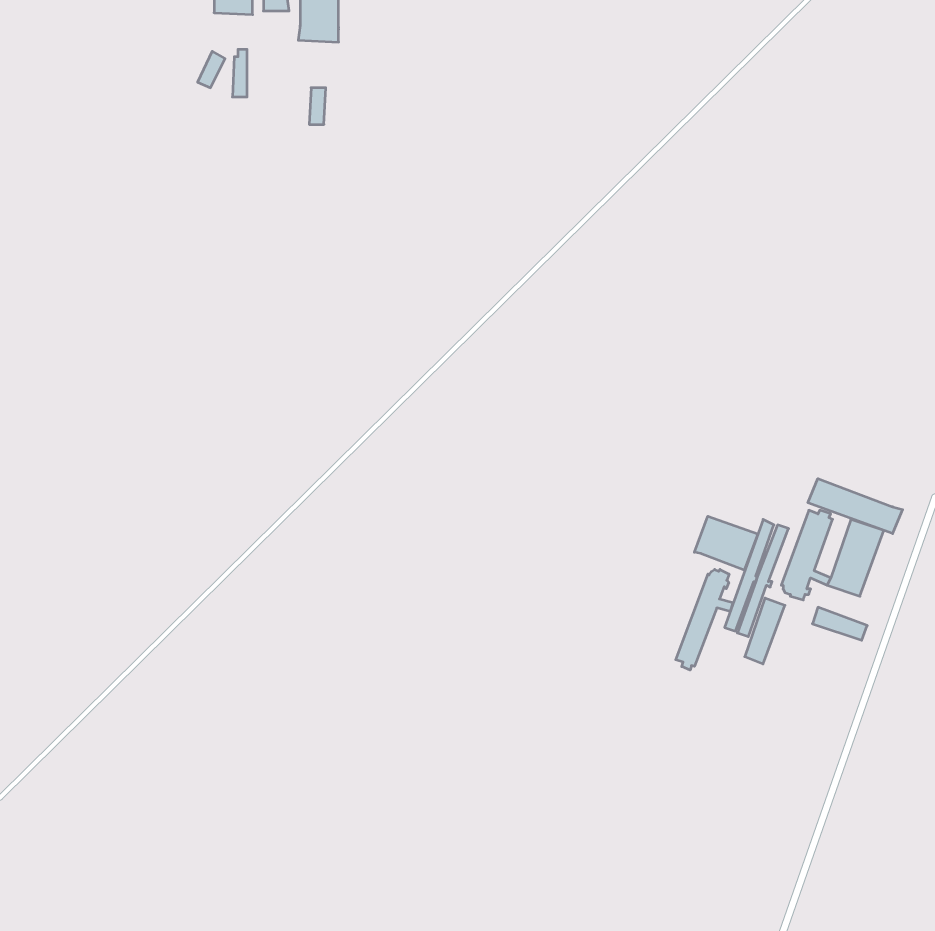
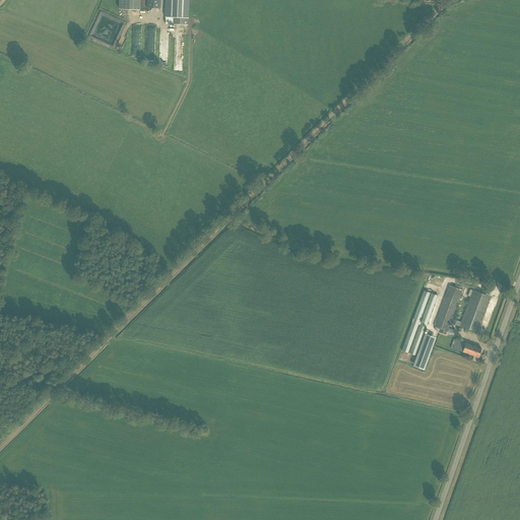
building: [808,479,903,534] -> none
building: [694,516,758,570] -> none
building: [676,569,733,670] -> none

